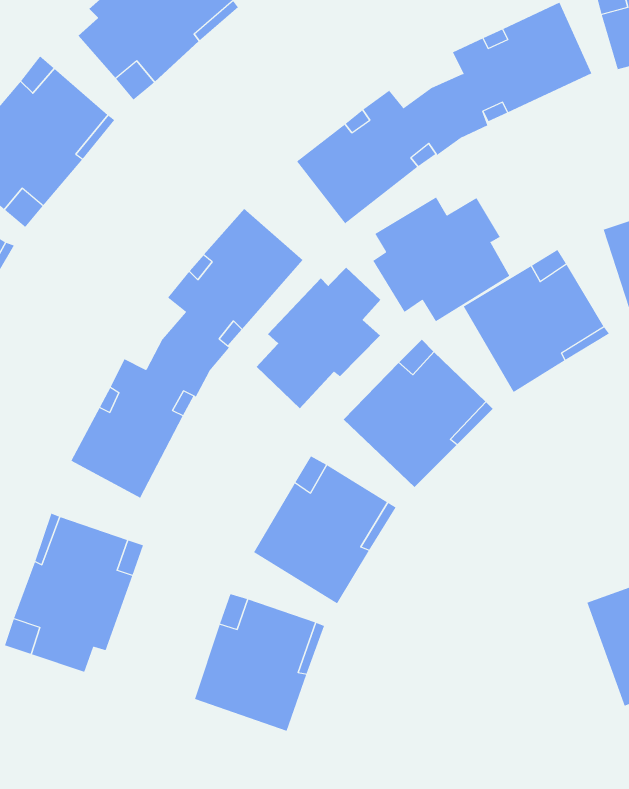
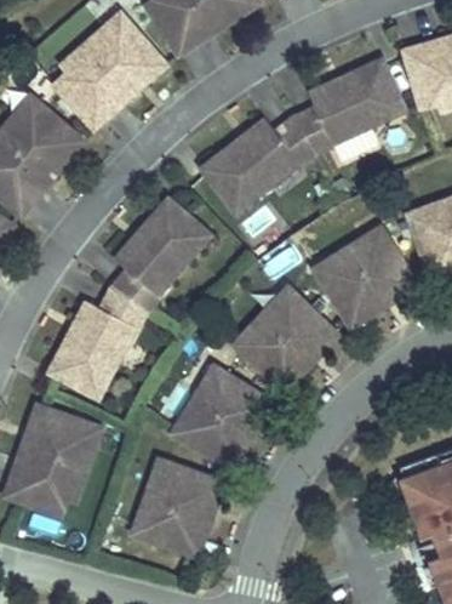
building: [373,196,510,322] -> none
building: [256,267,381,409] -> none

